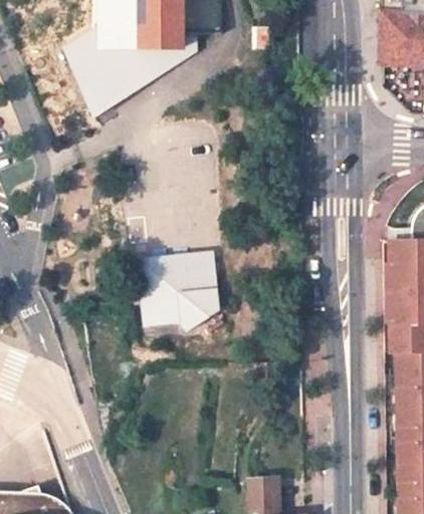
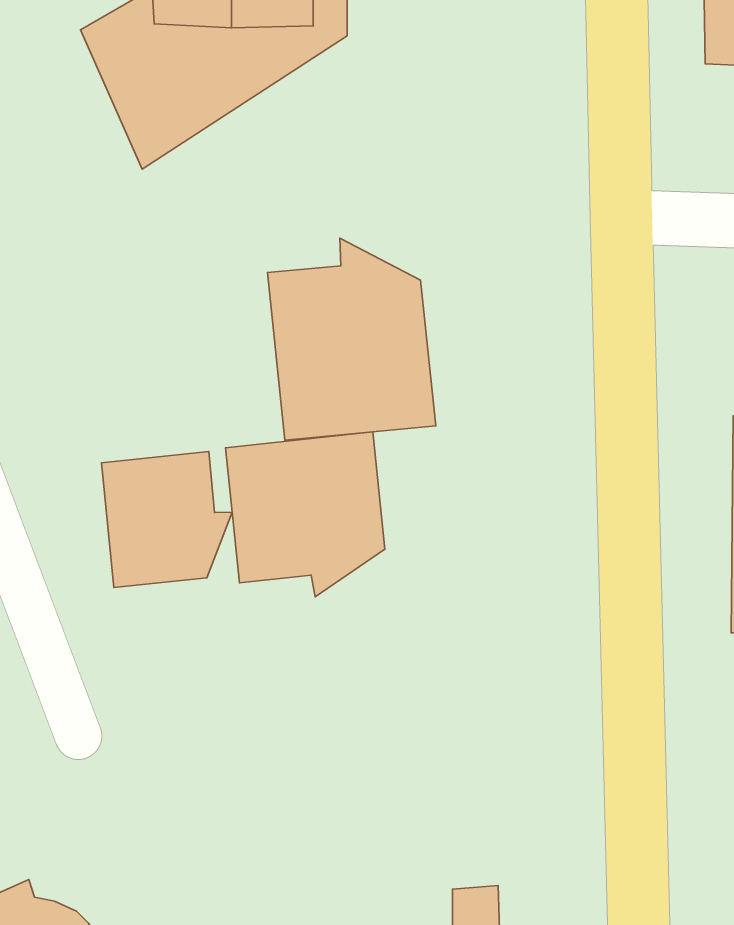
building: none -> [268,238,436,440]
building: none -> [101,452,232,588]

